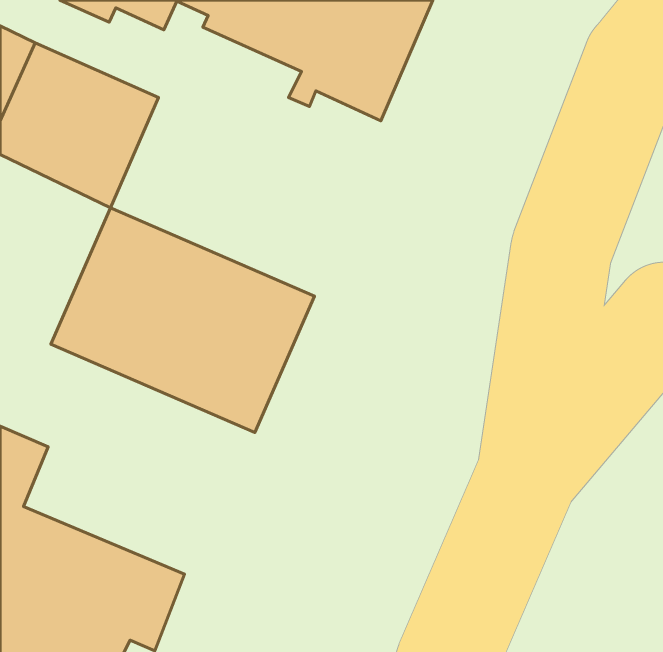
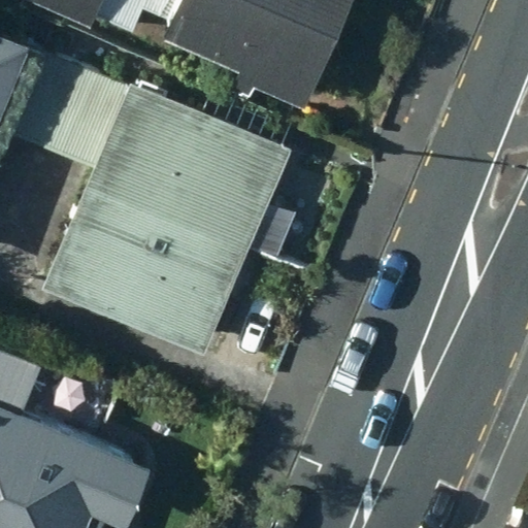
building: none -> [89,80,292,244]

